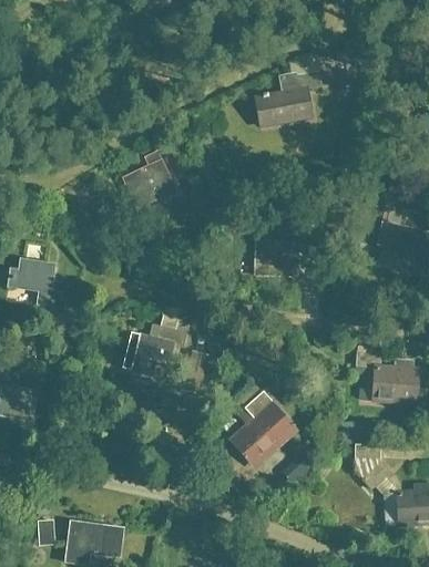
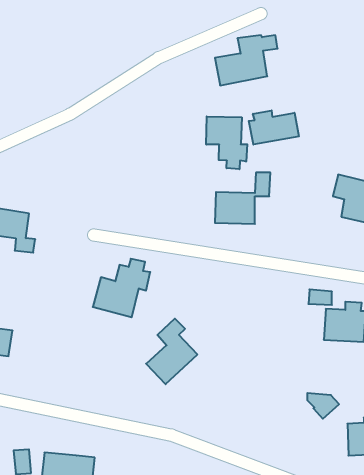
building: [123,152,176,209] -> none
building: none -> [249,110,299,145]
building: none -> [206,116,247,169]
building: [231,392,286,463] -> [146,319,197,384]

